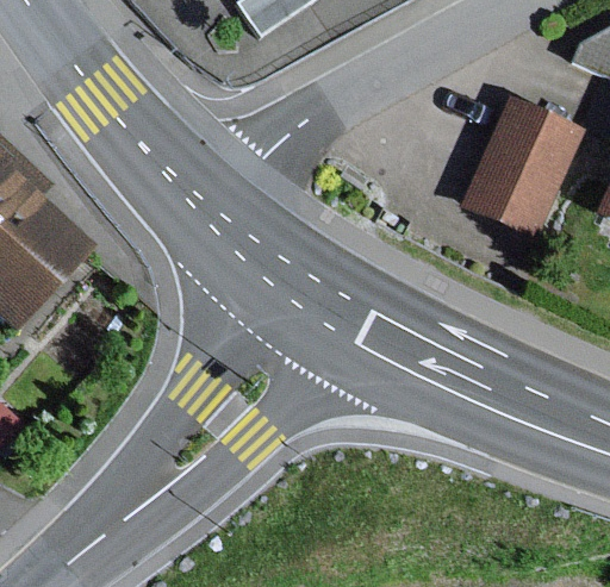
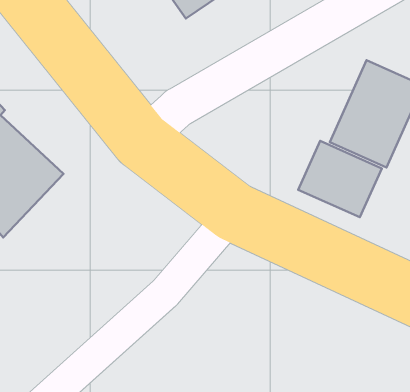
building: none -> [298,141,382,217]

